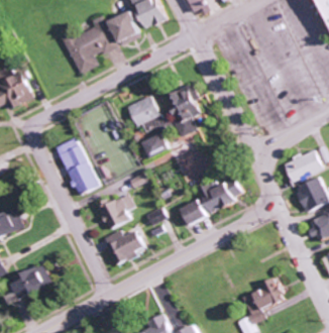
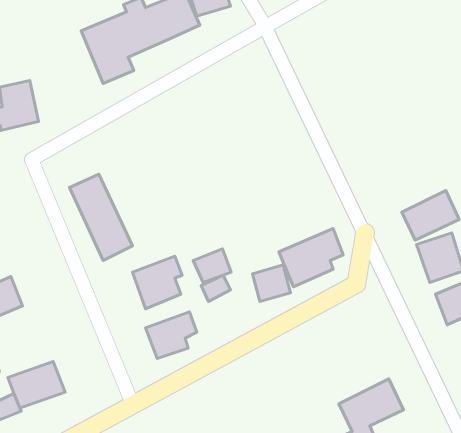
building: [166,85,203,135] -> none
building: [126,95,159,126] -> none
building: [141,133,168,156] -> [193,249,231,282]

